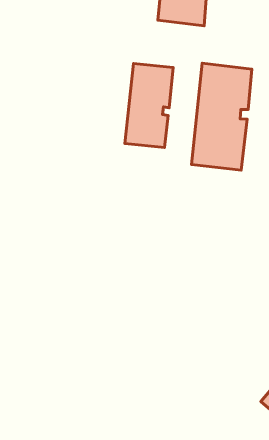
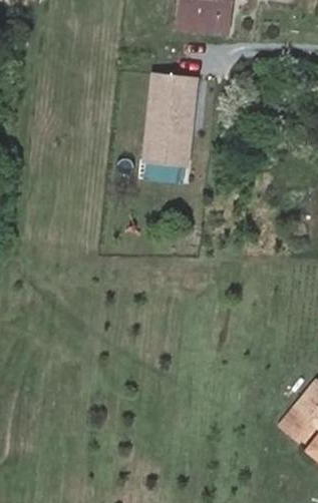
building: [191,63,252,170] -> none

